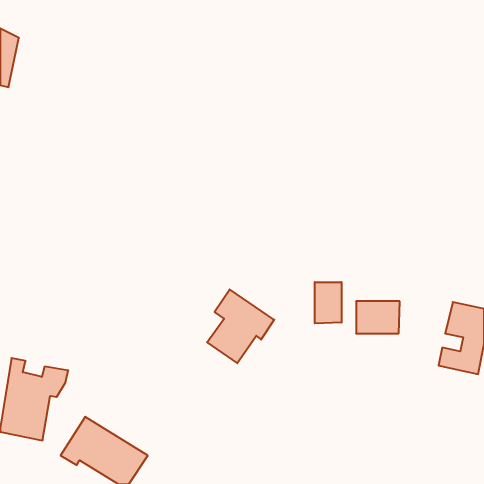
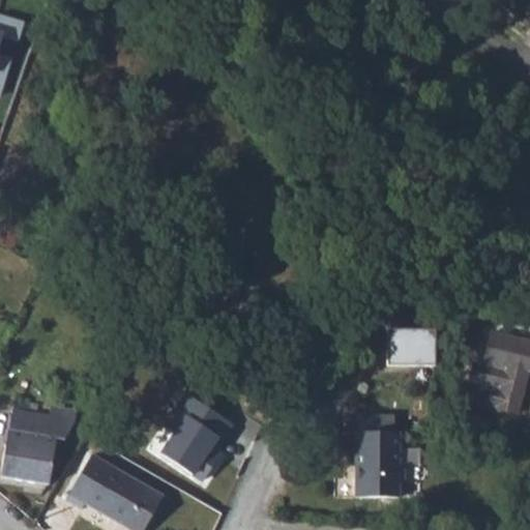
building: [315,282,342,323] -> none
building: [207,289,274,363] -> [160,393,234,474]
building: none -> [355,430,405,496]

